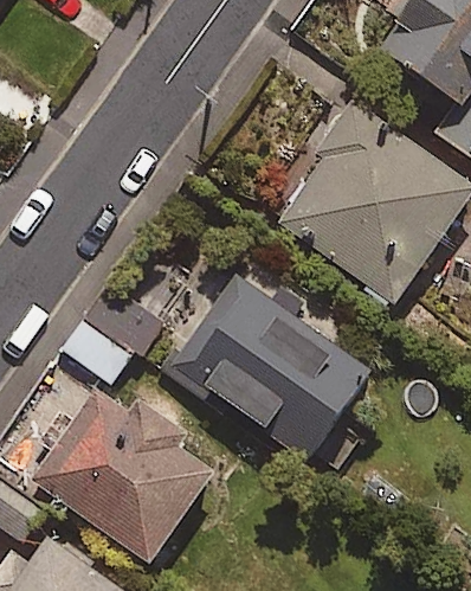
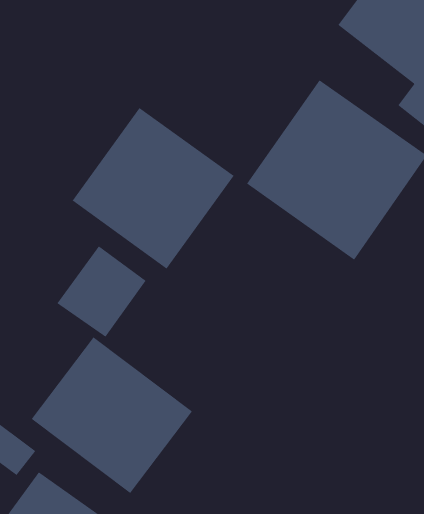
building: none -> [72,107,234,269]
building: [169,275,368,460] -> none

